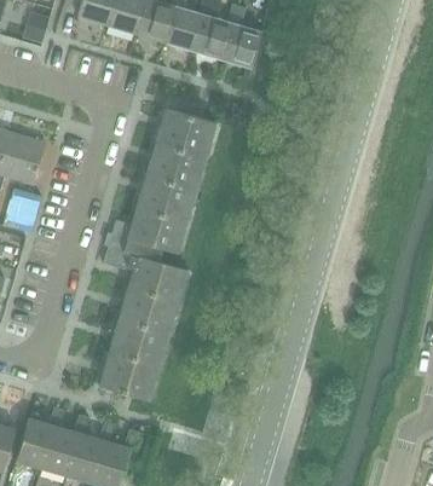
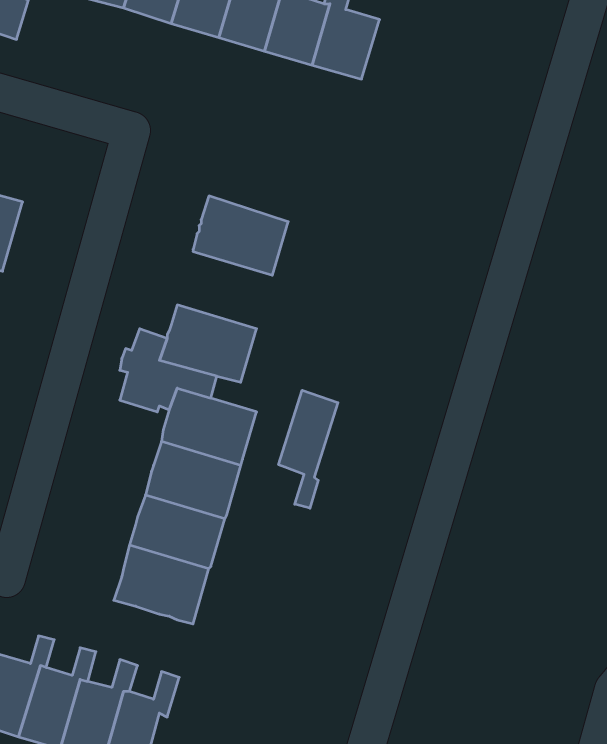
building: [158,109,217,155] -> none
building: [139,173,197,220] -> none
building: none -> [279,390,338,508]

